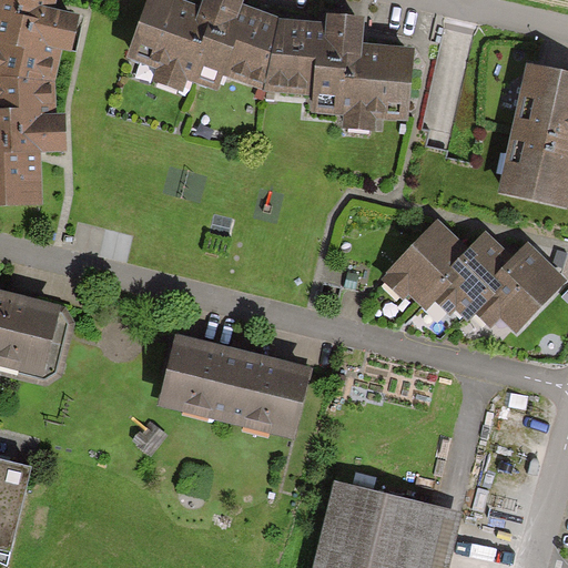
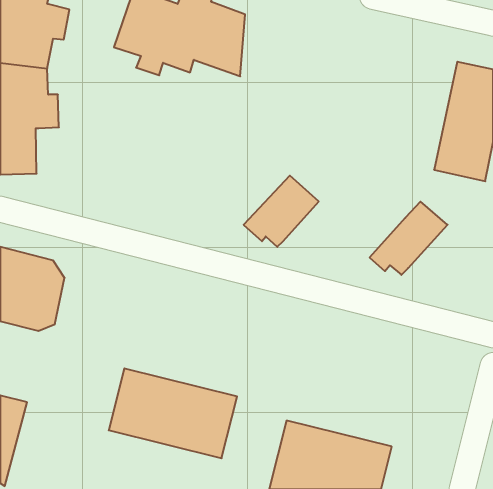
building: [276,9,413,129] -> none
building: [379,221,466,303] -> [244,176,319,247]
building: [469,245,560,329] -> none
building: [154,334,302,437] -> [109,368,237,458]

